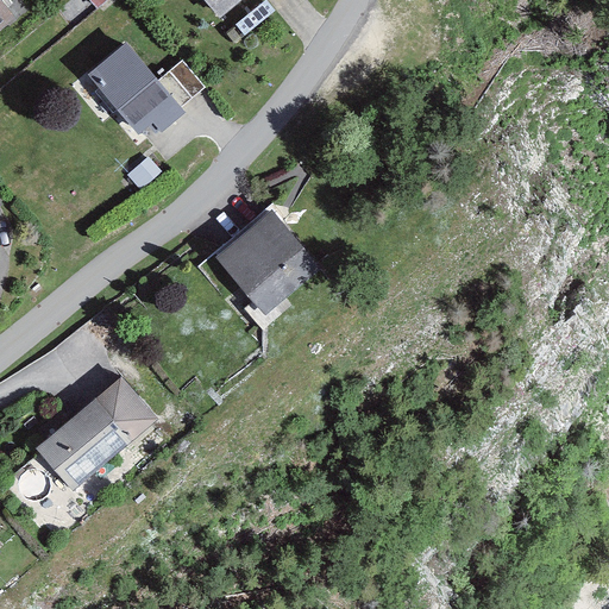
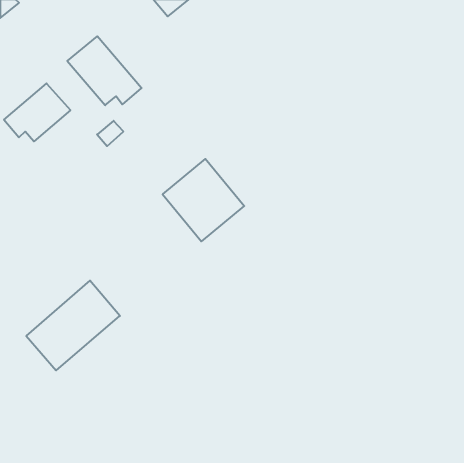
building: [158,62,205,109] -> none
building: none -> [4,83,70,141]

